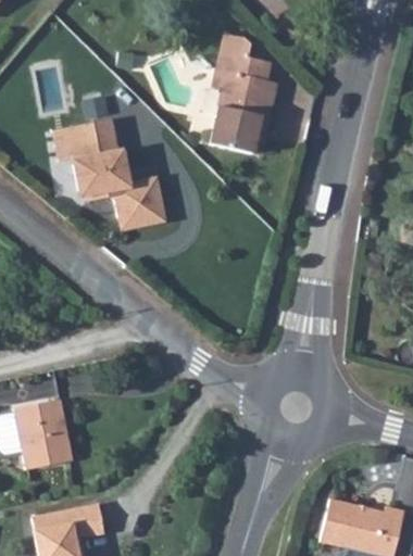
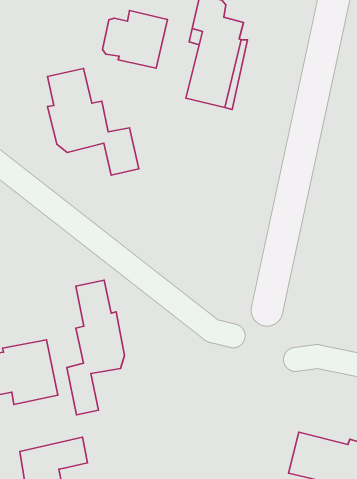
building: none -> [103,10,168,68]
building: none -> [67,280,125,415]

